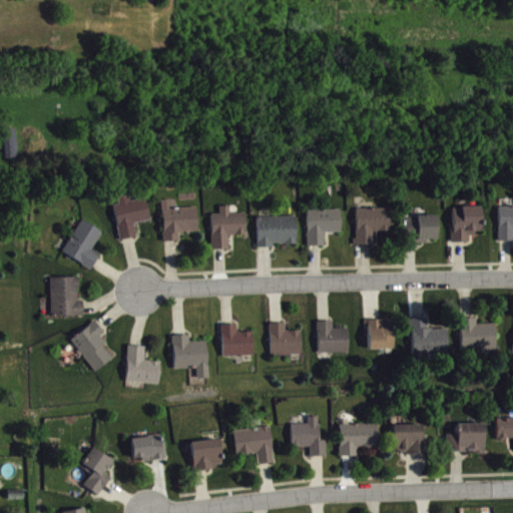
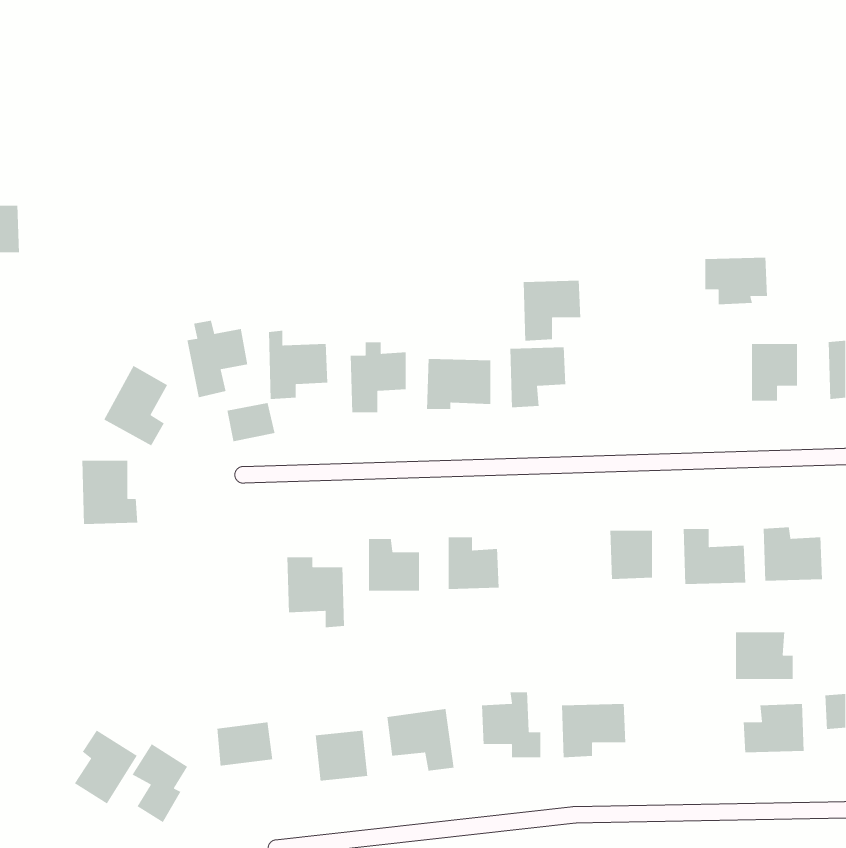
building: [355,207,390,244] -> [523,280,581,341]
building: [399,214,437,243] -> [704,257,768,305]
building: none -> [227,402,276,442]
building: [70,321,112,371] -> none
building: [317,321,349,353] -> none
building: [125,345,159,383] -> none
building: [392,424,427,453] -> [735,632,793,680]
building: none -> [74,730,138,805]

